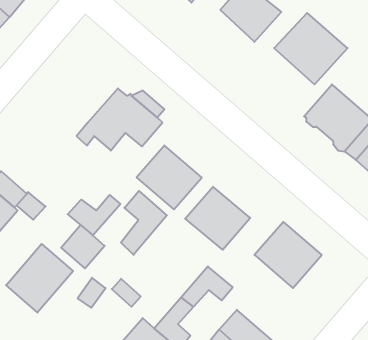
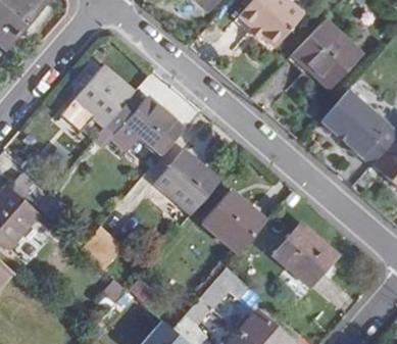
building: none -> [76,65,137,127]
building: [121,191,167,255] -> none
building: [68,195,120,235] -> none
building: [6,244,73,313] -> none

